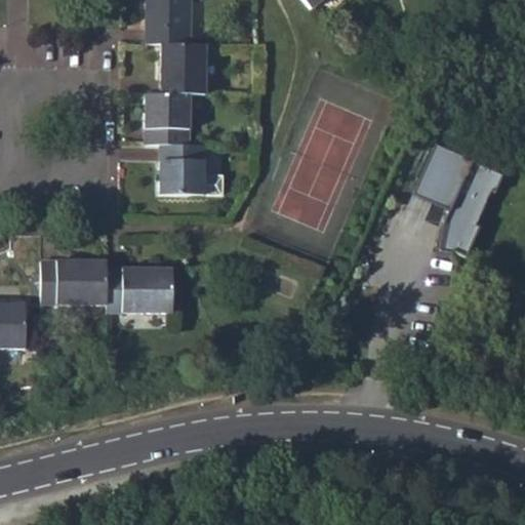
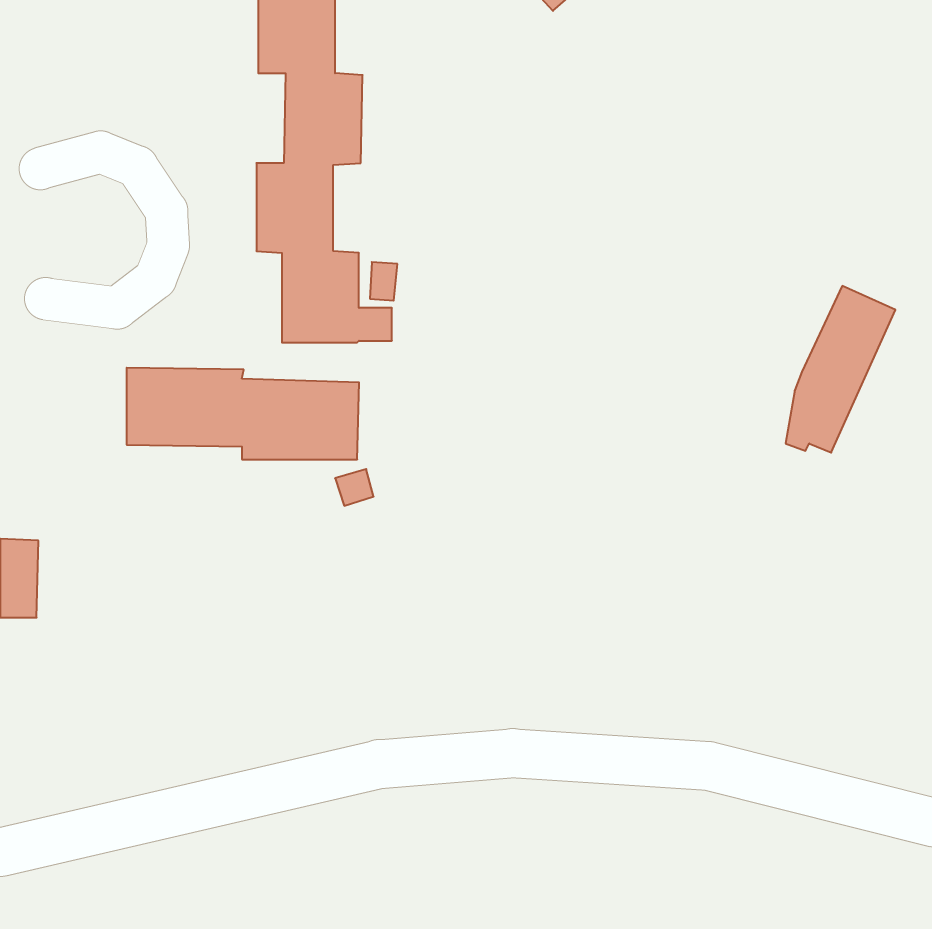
building: [416,145,474,208] -> none
building: [41,259,171,311] -> [127,368,359,459]

